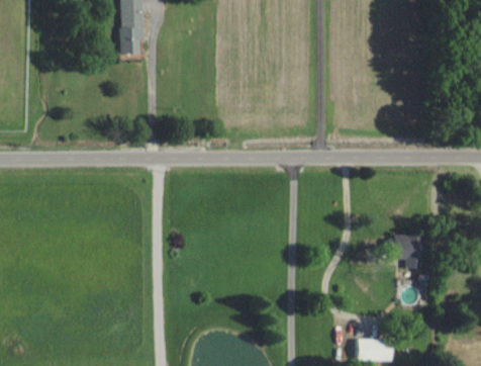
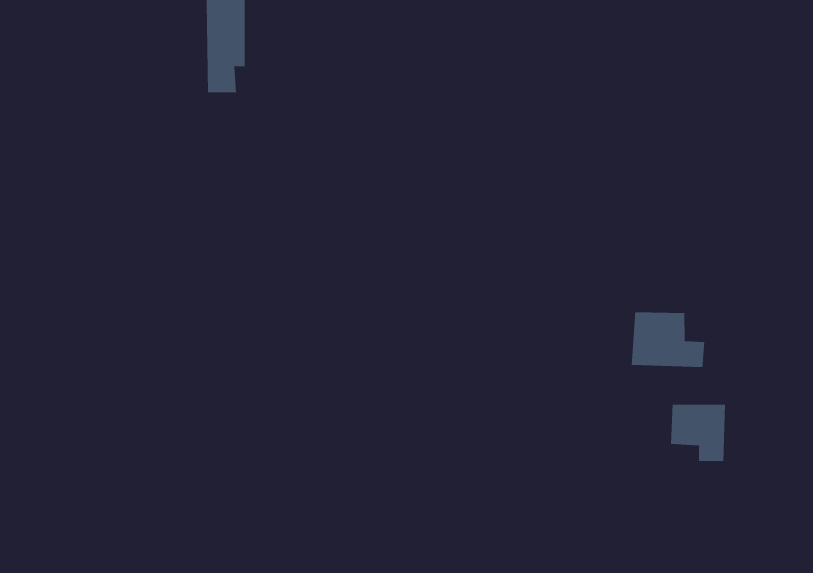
building: none -> [631,312,705,368]

